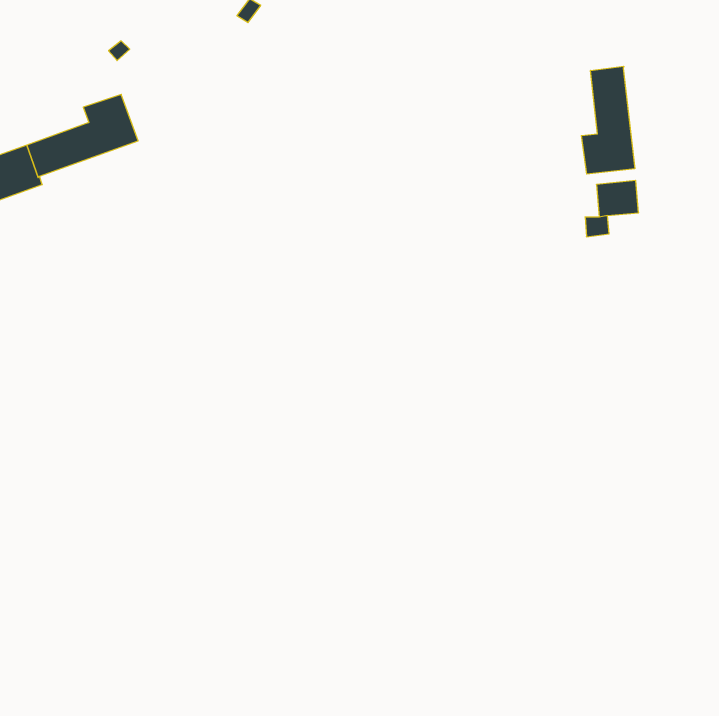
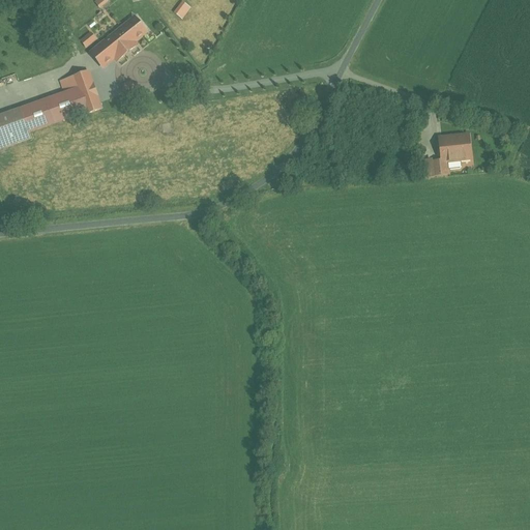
building: none -> [89,14,145,64]
building: [581,66,635,174] -> none

